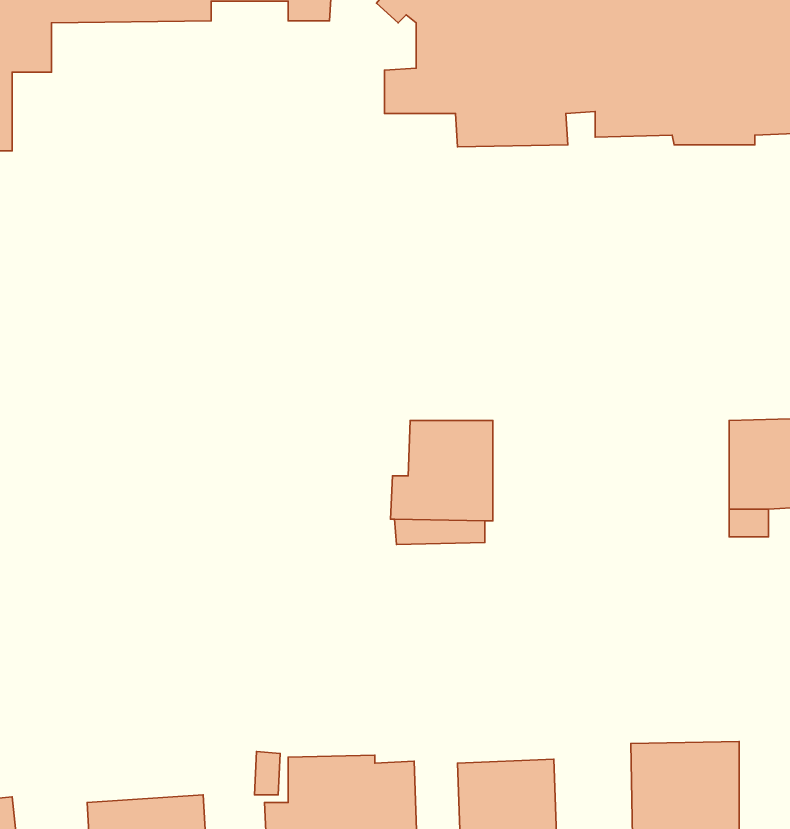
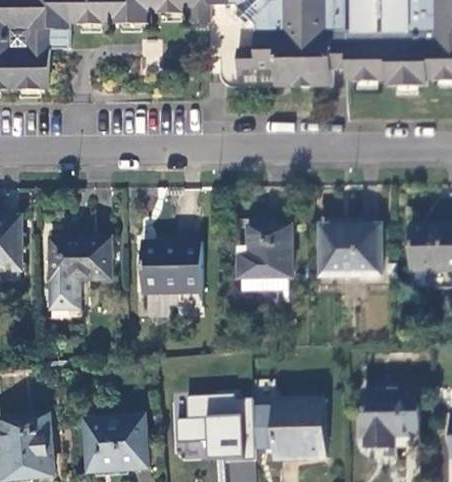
building: none -> [321,222,381,272]
building: none -> [50,238,111,307]
building: none -> [142,241,201,292]

